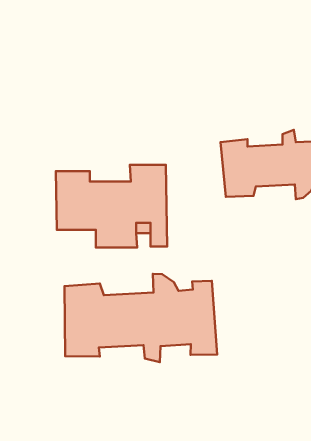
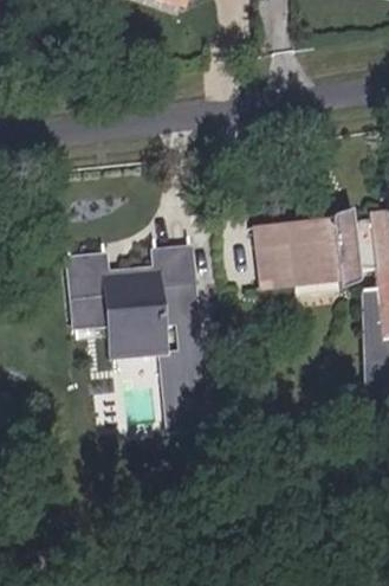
building: [64,274,217,362] -> none

